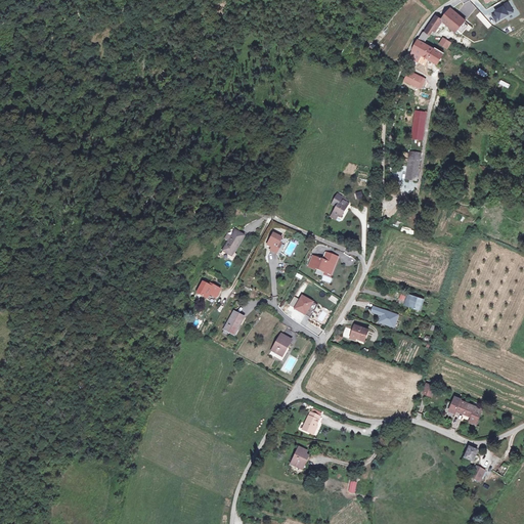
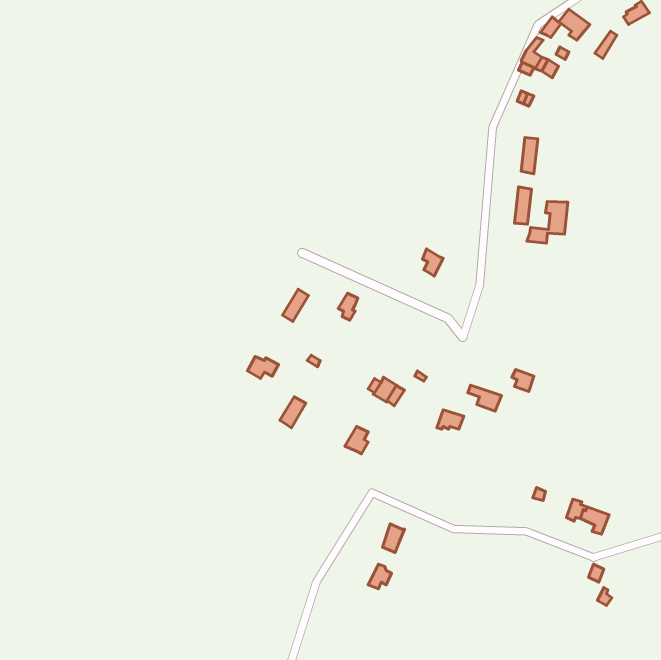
building: none -> [527,201,568,243]
building: [308,252,338,274] -> none

